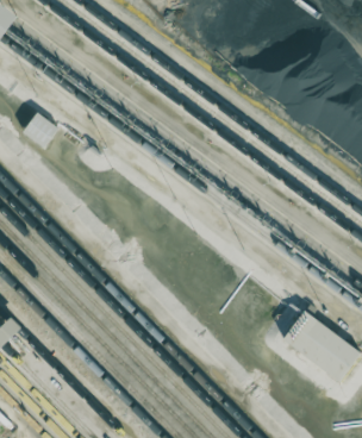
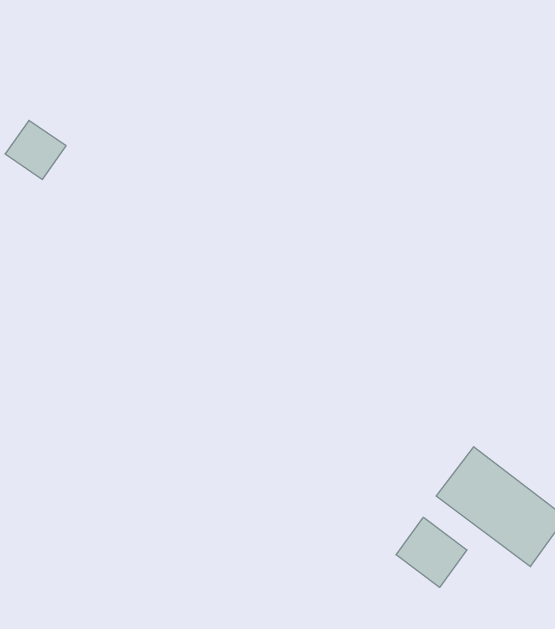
building: none -> [396,517,467,587]

